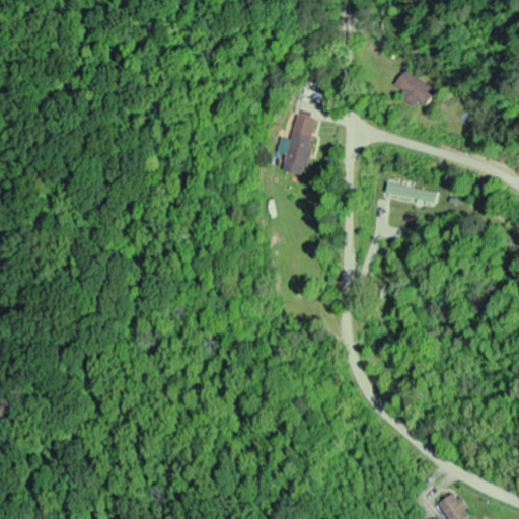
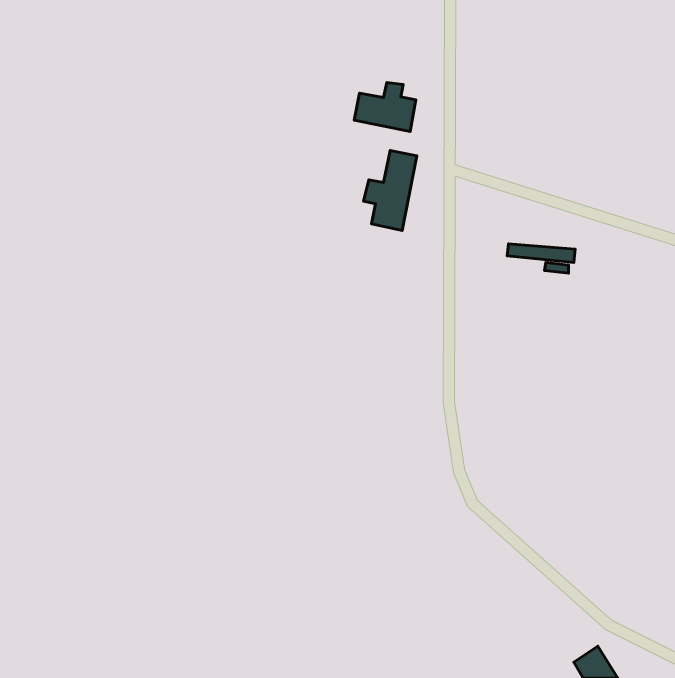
building: none -> [354,82,416,131]
building: [394,69,436,109] -> none

